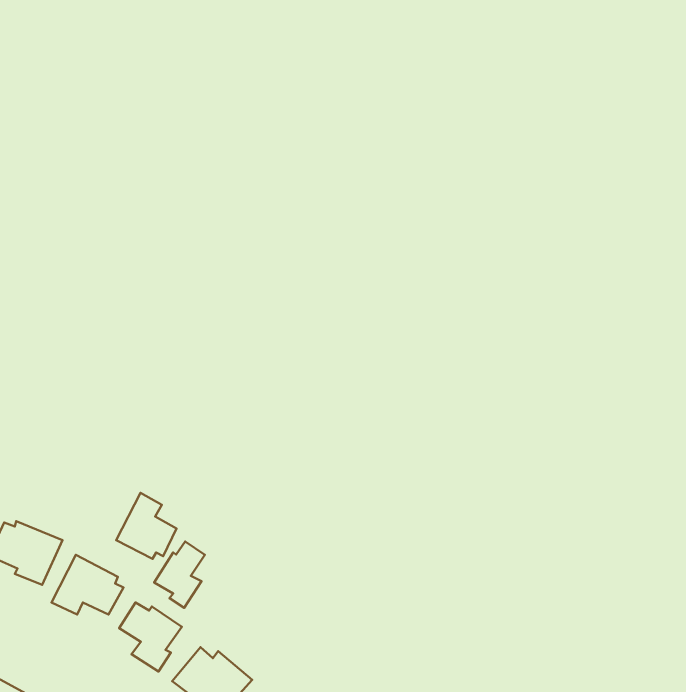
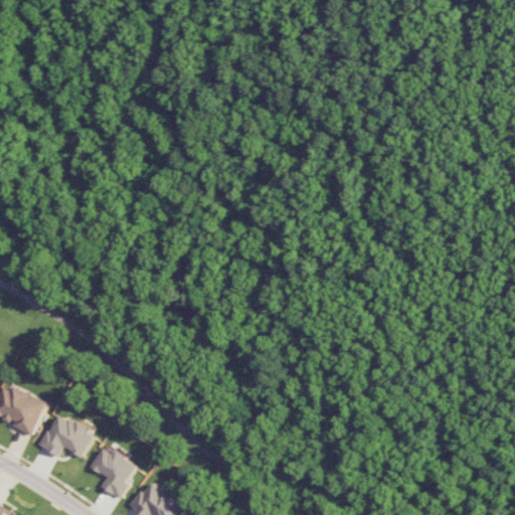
building: [116,493,177,559] -> none
building: [154,542,205,608] -> none

